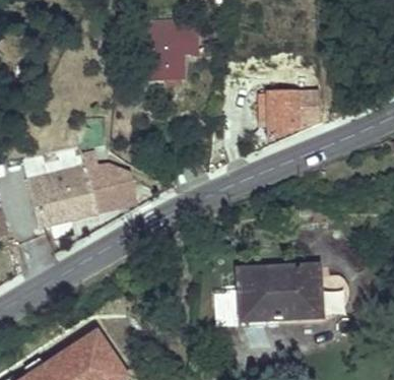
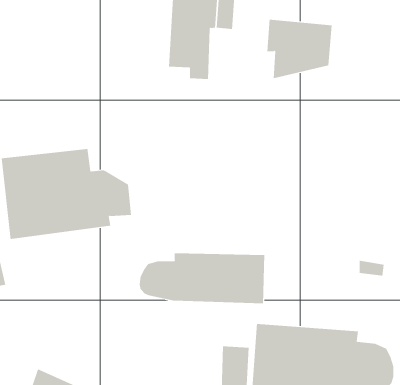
building: [260,91,311,138] -> [267,19,332,79]
building: none -> [139,252,265,304]

